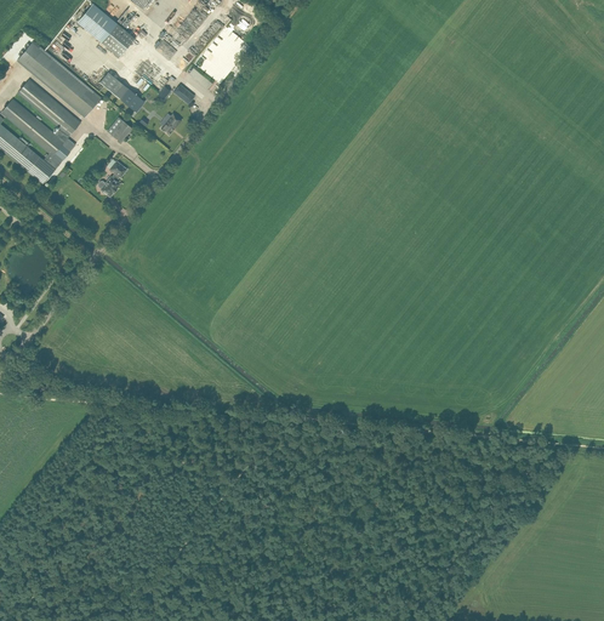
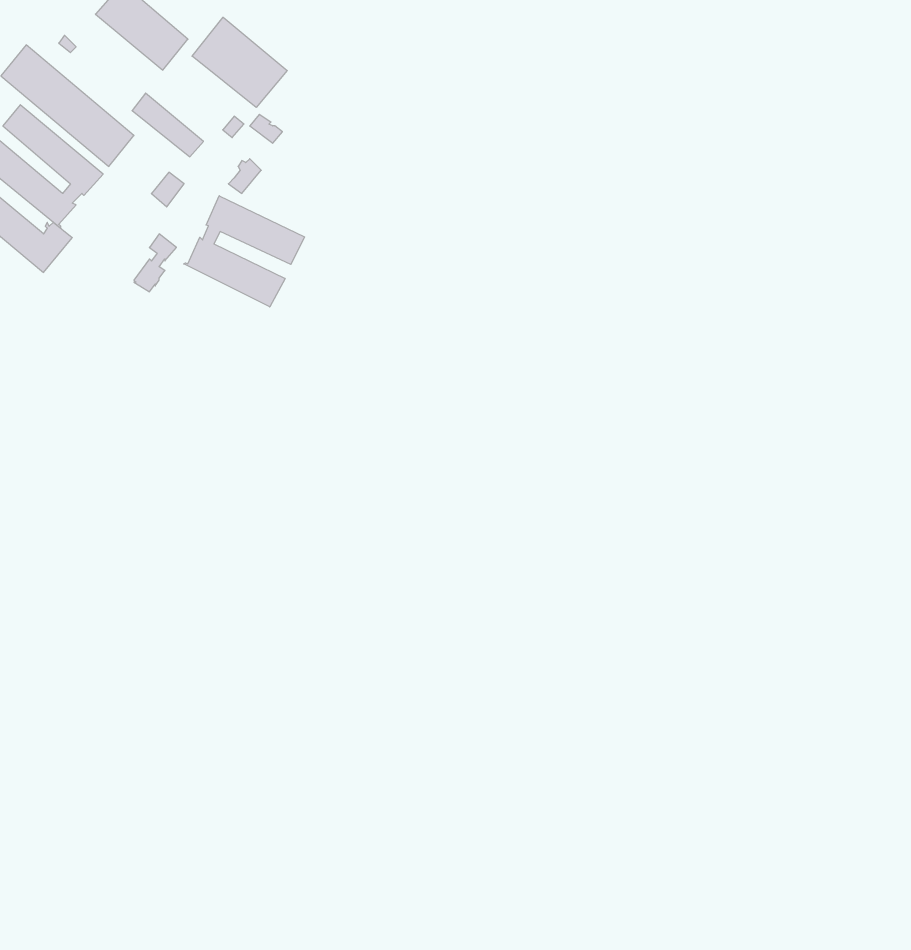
building: none -> [192,17,287,107]
building: none -> [184,196,305,307]

